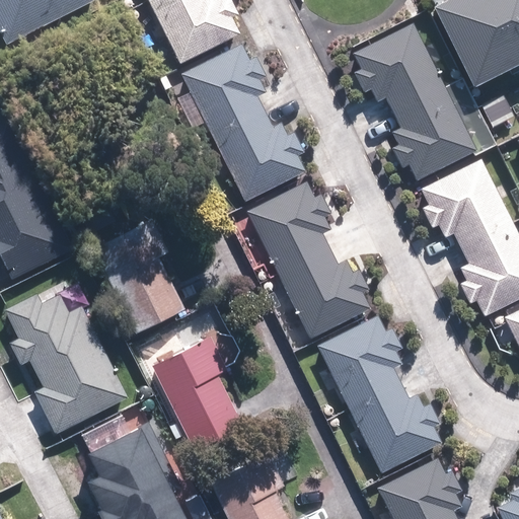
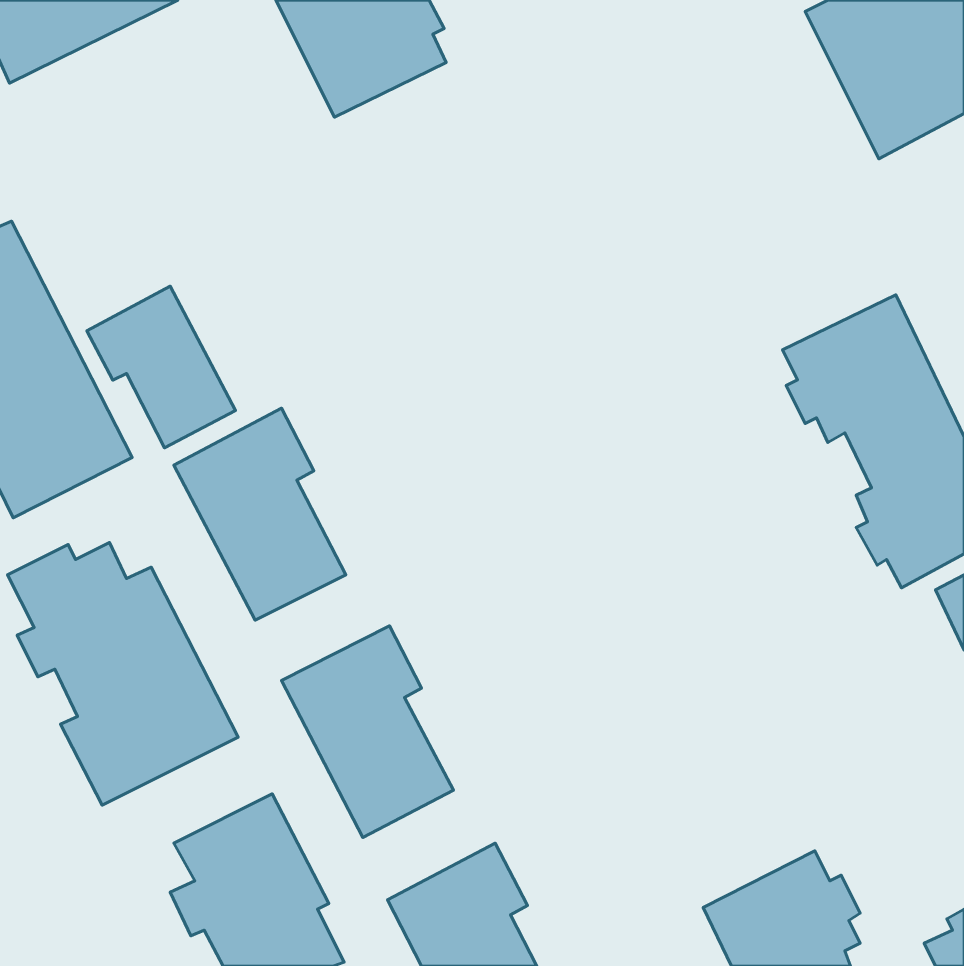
building: [352,24,475,181] -> none
building: [181,44,305,201] -> none
building: none -> [87,286,236,448]
building: [246,180,370,338] -> none
building: [316,316,440,474] -> none

